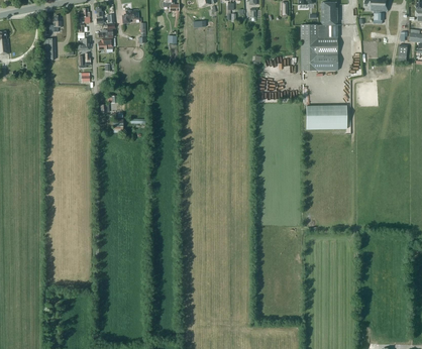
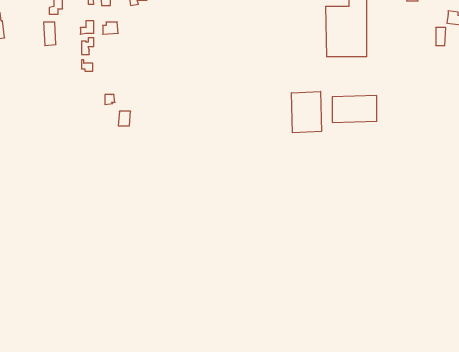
building: none -> [292,91,322,133]

